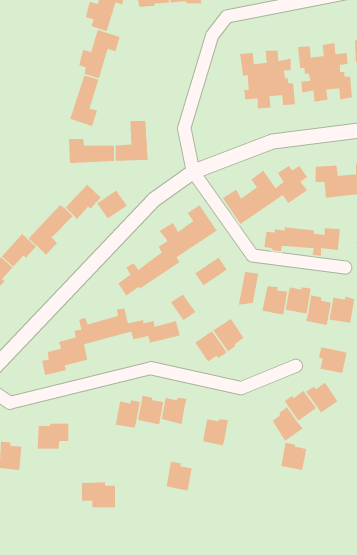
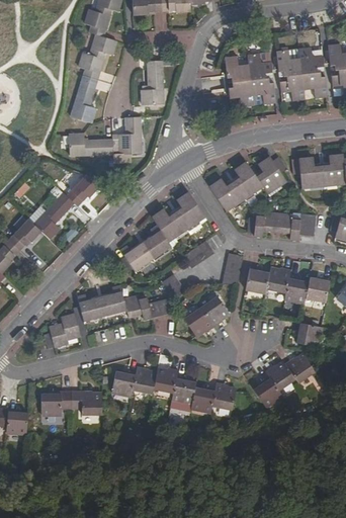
building: none -> [142,60,164,104]
building: [96,190,128,220] -> none
building: [280,442,307,471] -> [212,382,237,409]
building: [166,461,193,491] -> [172,375,196,403]
building: [81,481,116,508] -> [71,390,102,414]

